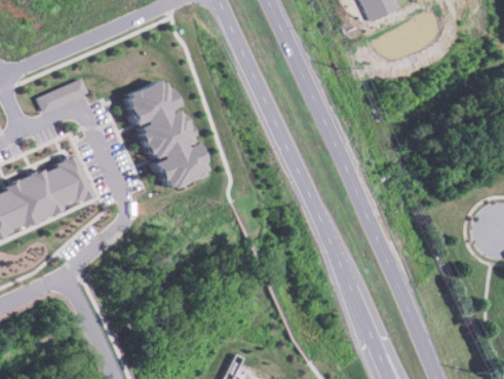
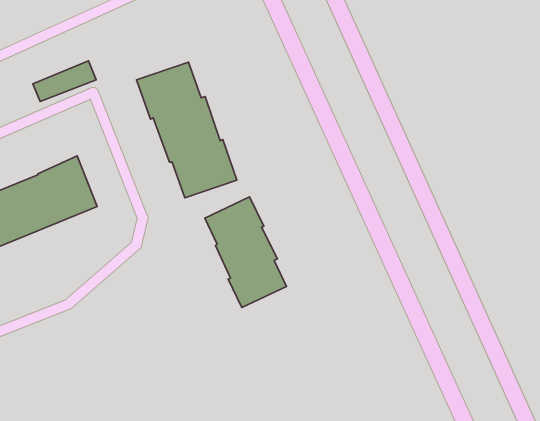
building: none -> [205,197,287,308]

